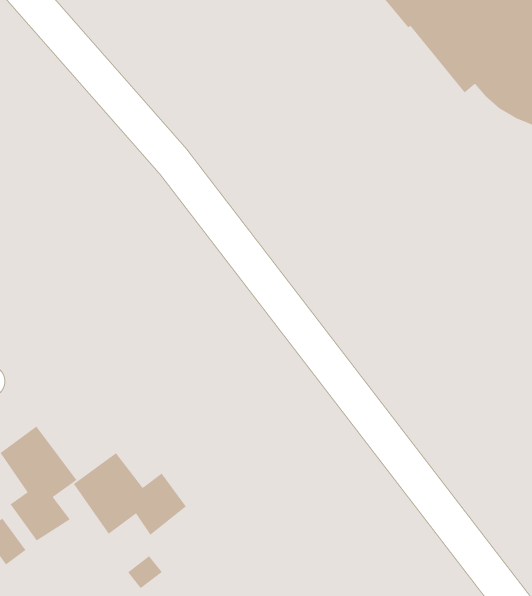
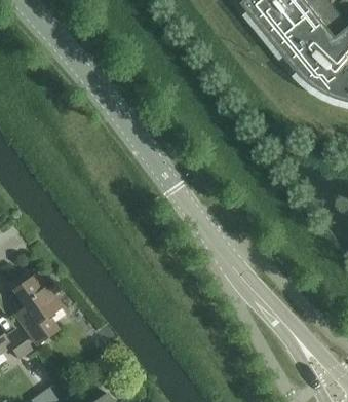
building: [73,452,187,536] -> none

